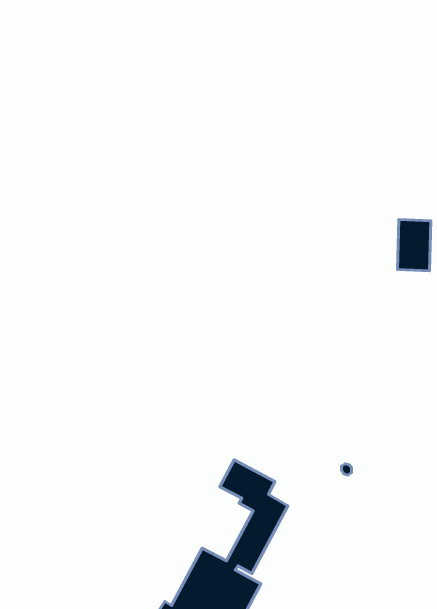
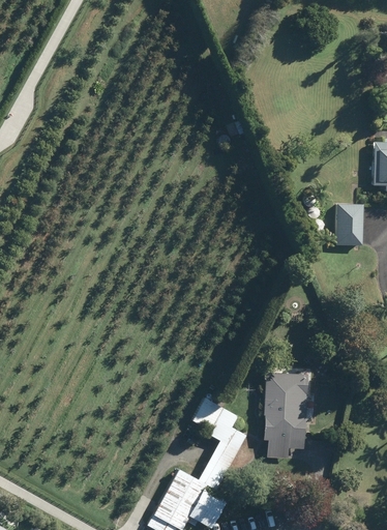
building: none -> [263,373,308,448]

